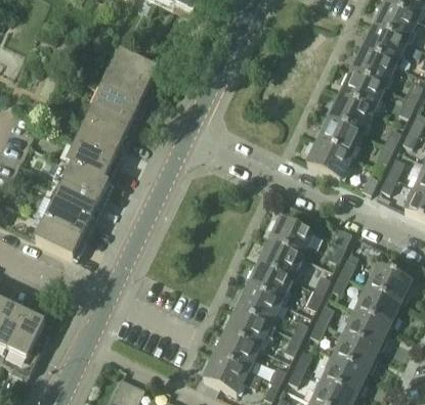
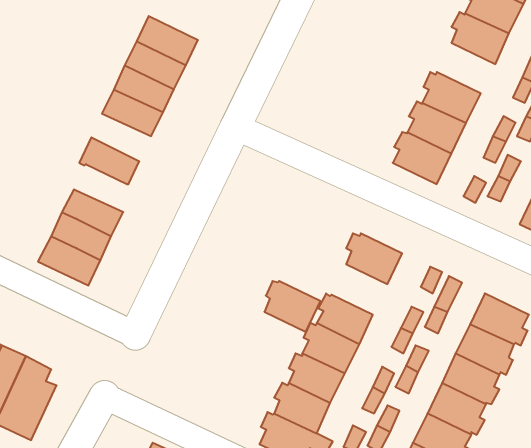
building: [341,70,386,108] -> none
building: [76,124,122,161] -> none
building: [62,163,110,199] -> none
building: [260,239,303,278] -> [264,281,320,332]

